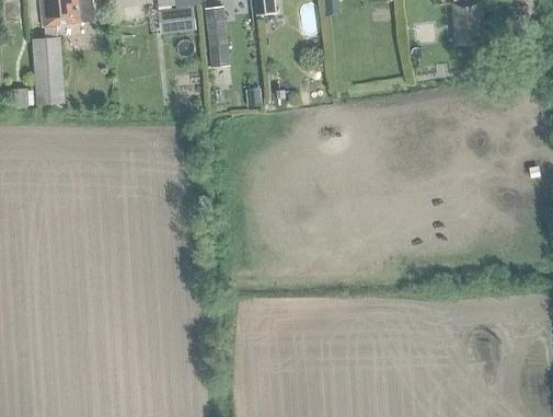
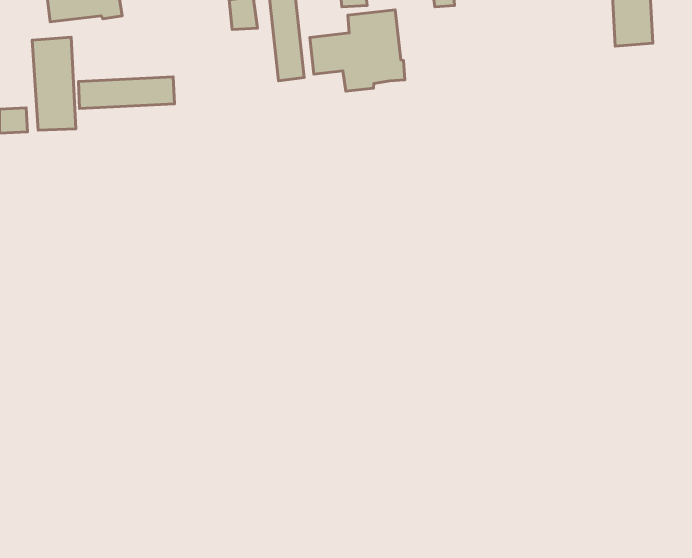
building: none -> [310,10,405,91]
building: none -> [78,77,174,109]

